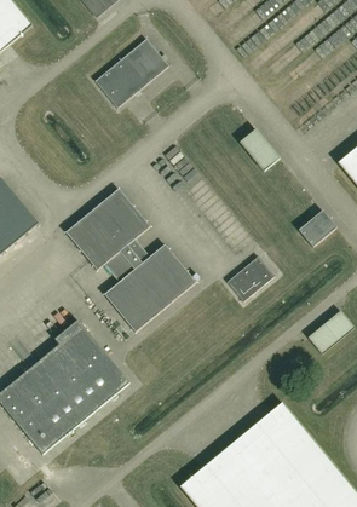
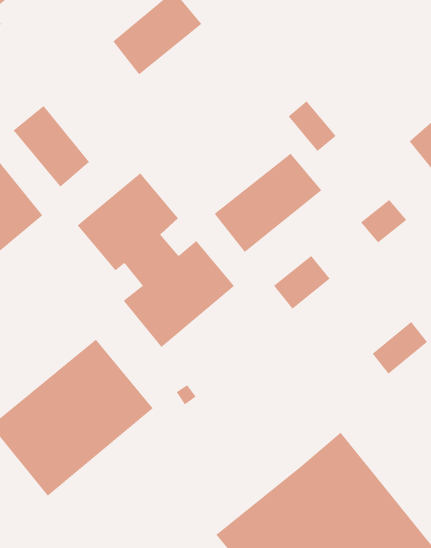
building: none -> [13,105,90,187]
building: none -> [214,153,322,253]

